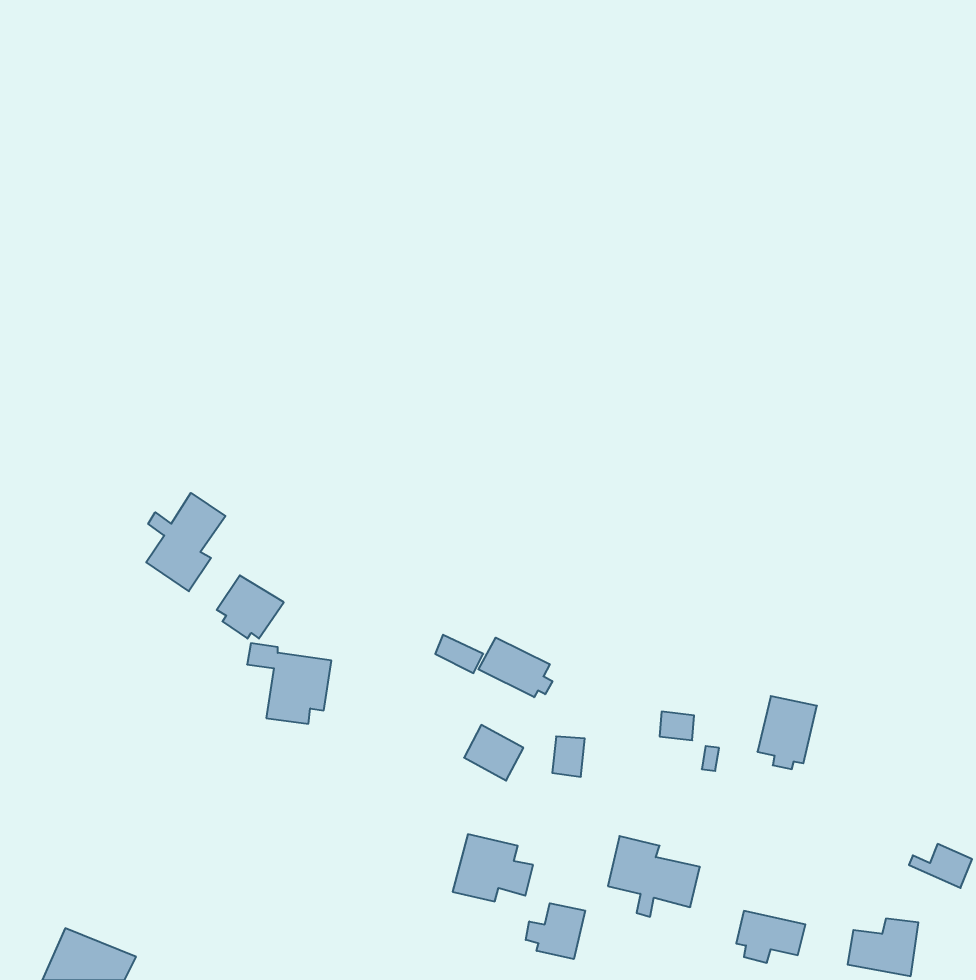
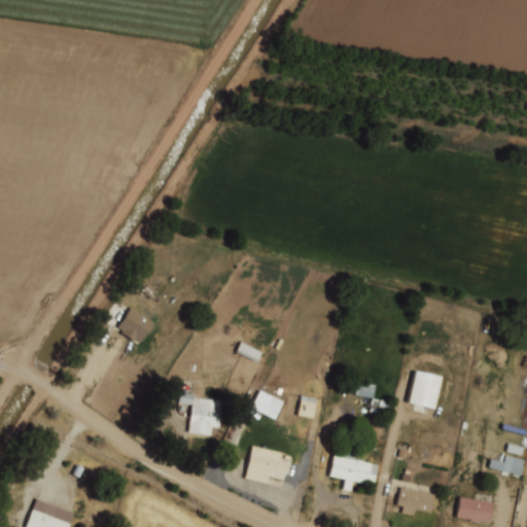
building: [146,493,225,591] -> none
building: [478,638,552,697] -> none
building: [247,643,331,724] -> [178,392,223,435]
building: [526,903,585,959] -> none

